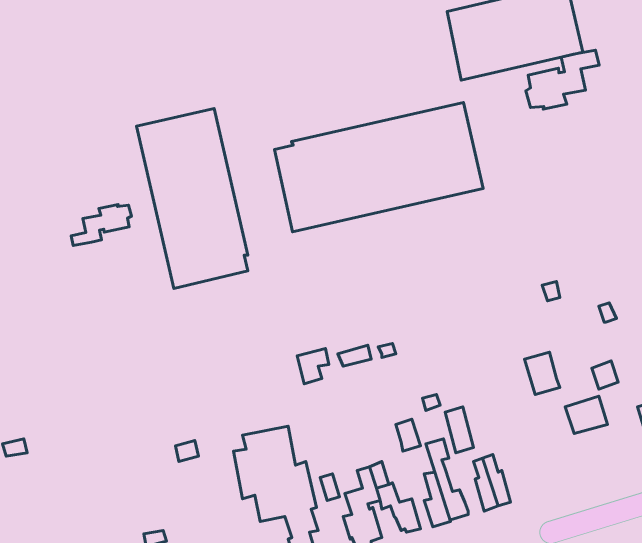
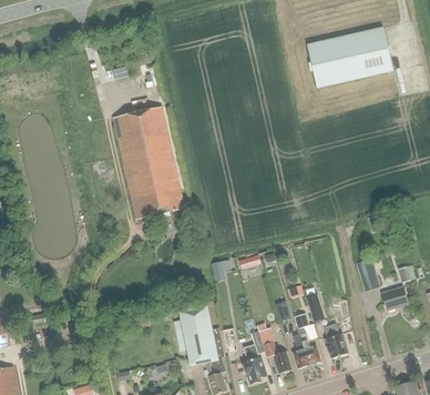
building: [526,50,599,109] -> none
building: [274,102,483,232] -> none
building: [71,205,131,246] -> none

